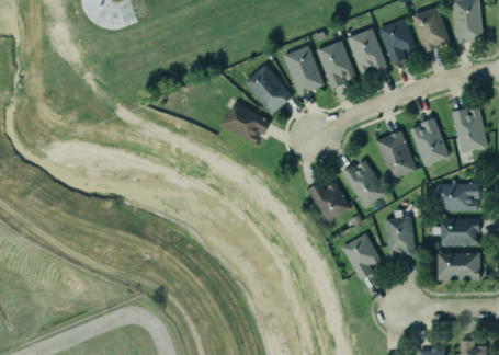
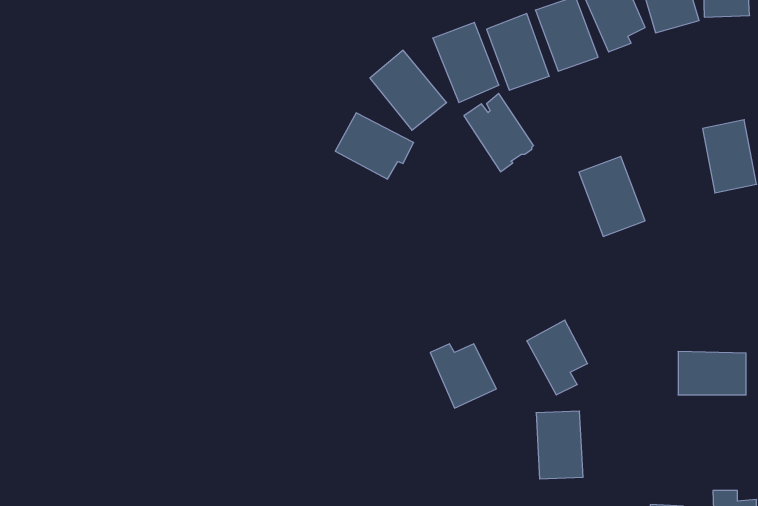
building: [412,117,447,165] -> none
building: [341,158,385,207] -> [464,93,534,172]
building: [309,182,351,222] -> [430,344,496,408]
building: [435,182,478,209] -> none
building: [440,216,478,244] -> none
building: [385,217,415,260] -> [536,411,583,479]

